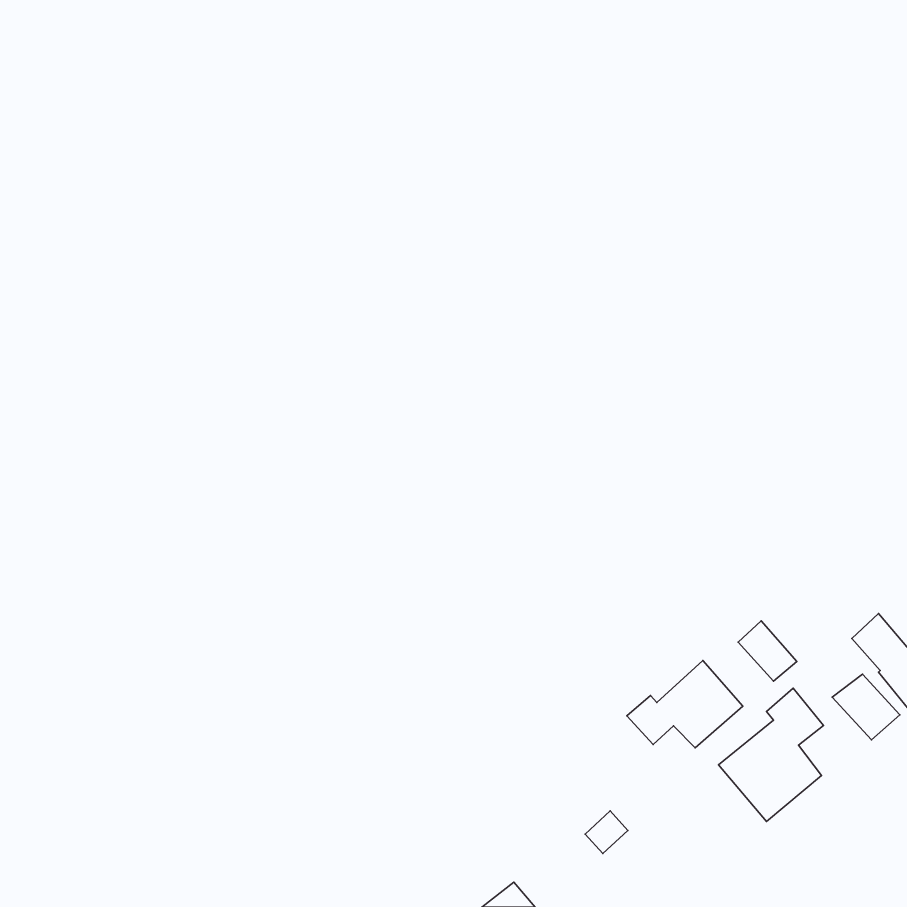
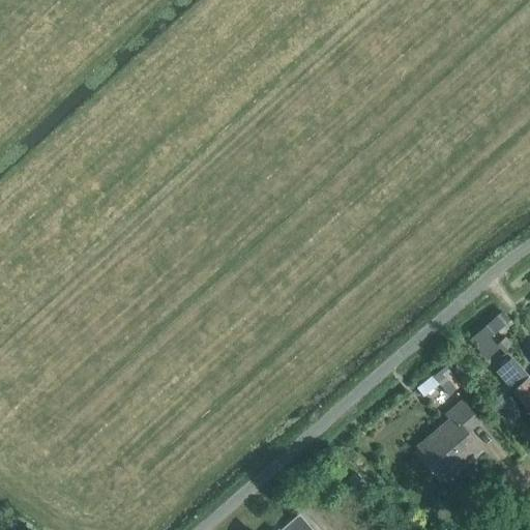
building: none -> [469,310,511,359]
building: [627,661,743,748] -> none

